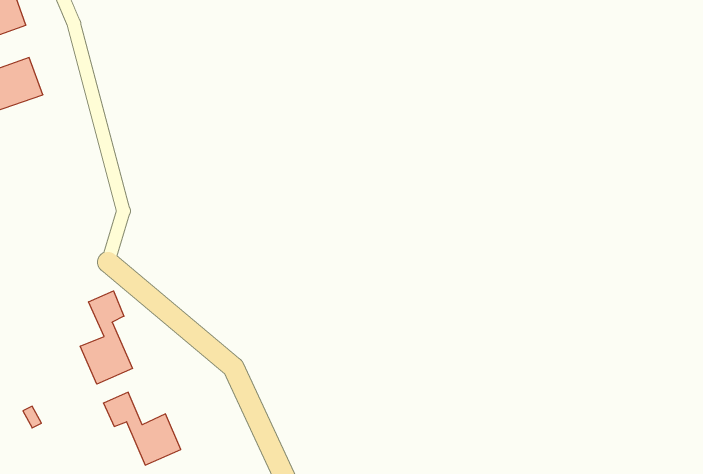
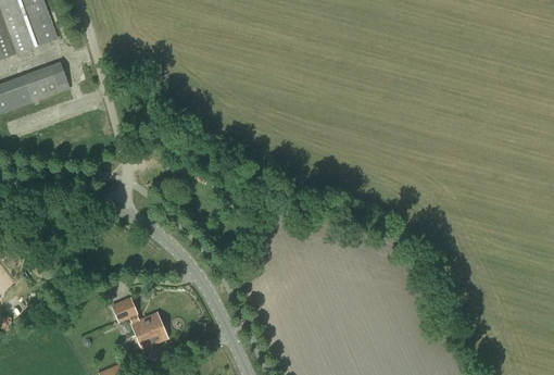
building: [80,291,133,384] -> none

